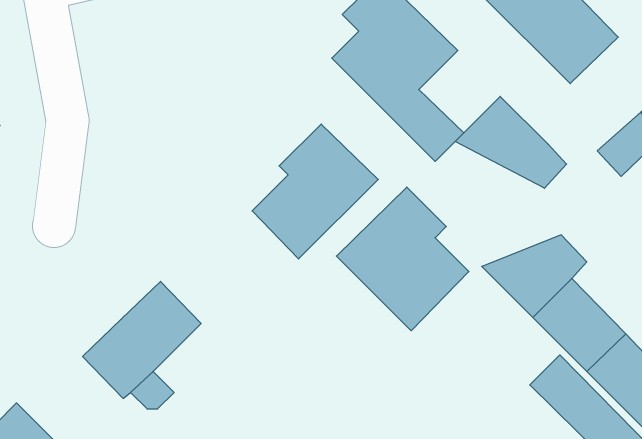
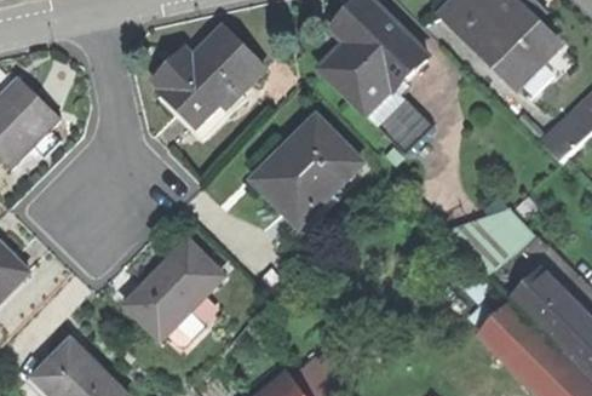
building: none -> [154,29,263,126]
building: [455,96,567,188] -> none
building: [336,187,469,331] -> none

